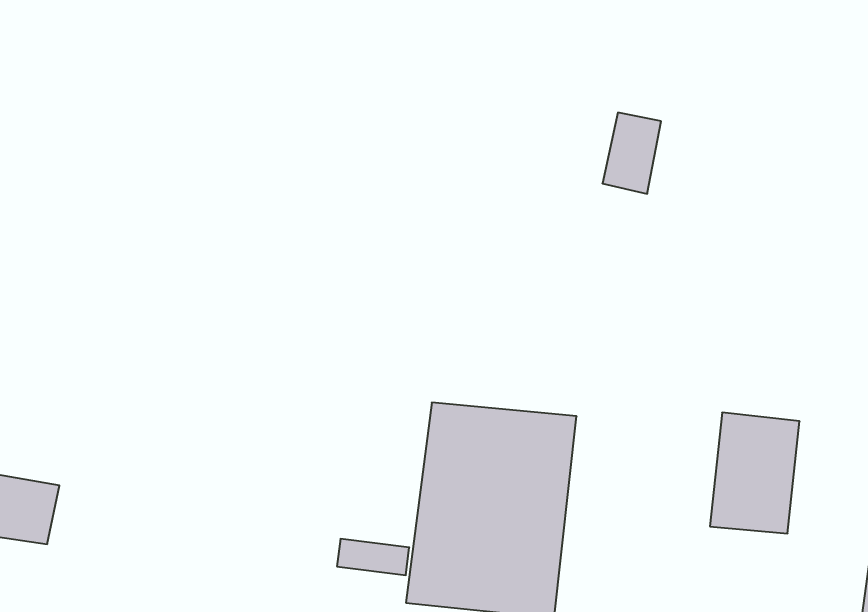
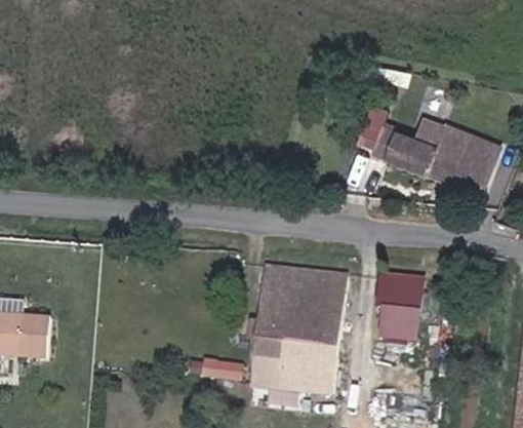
building: none -> [392,117,511,196]
building: [710,413,800,533] -> [371,275,425,347]

